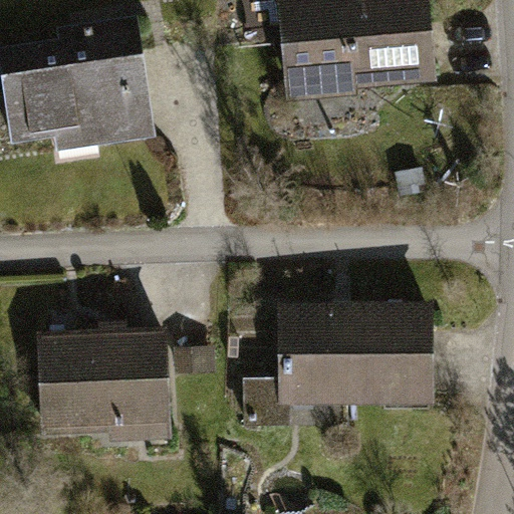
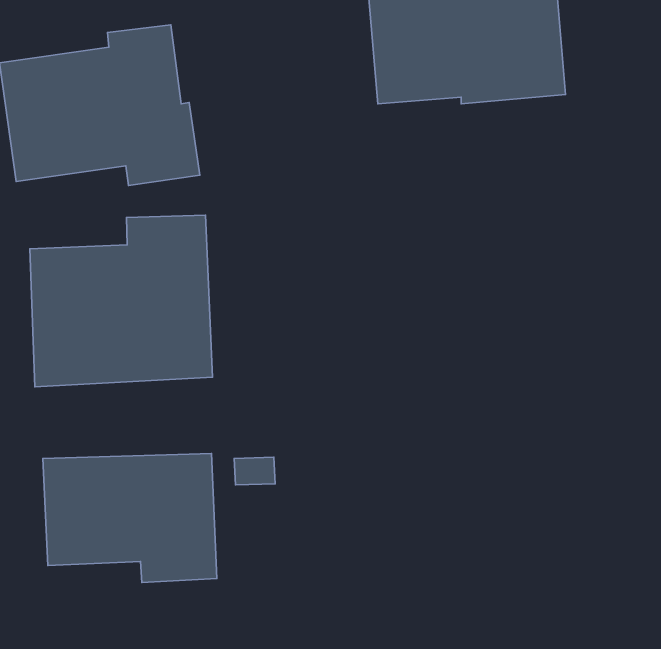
building: none -> [30,215,212,387]
building: [242,295,429,434] -> none

